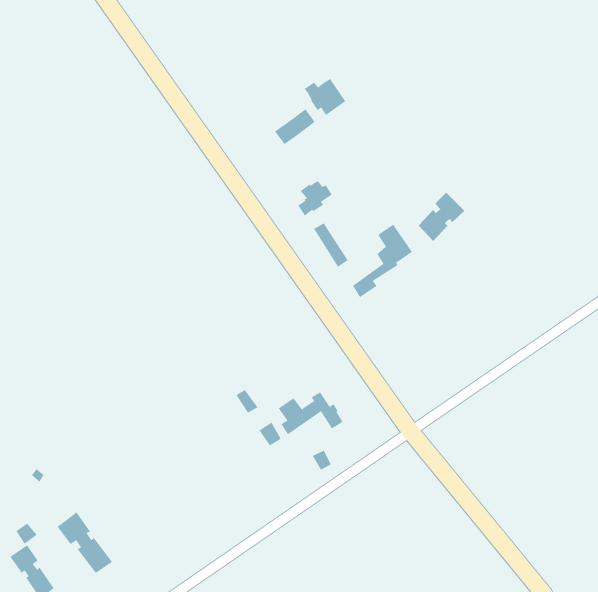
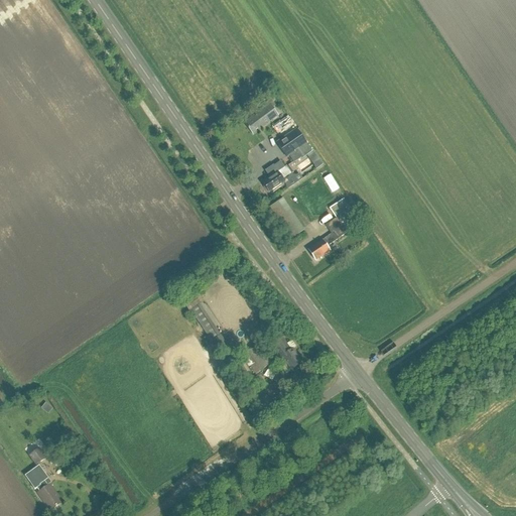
building: [304,78,346,116] -> [275,130,310,161]
building: [418,192,465,242] -> none
building: [57,511,113,574] -> none

